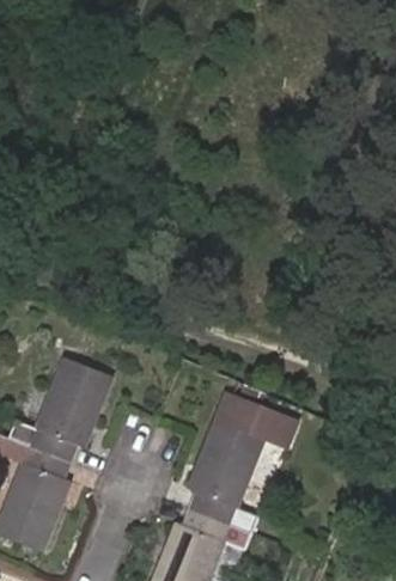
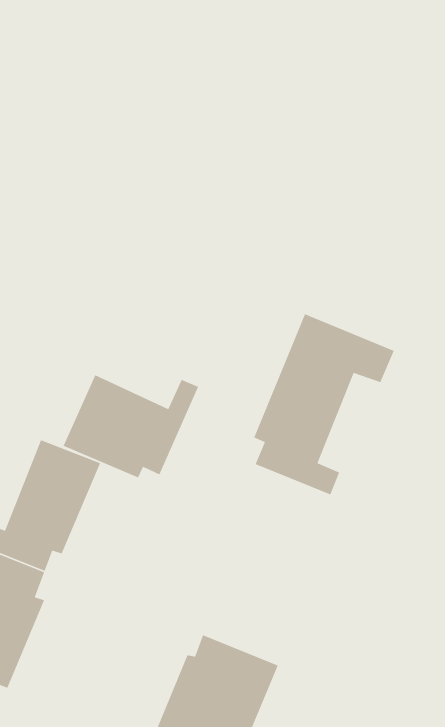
building: none -> [62,374,199,478]
building: [187,392,296,532] -> [253,313,395,496]

